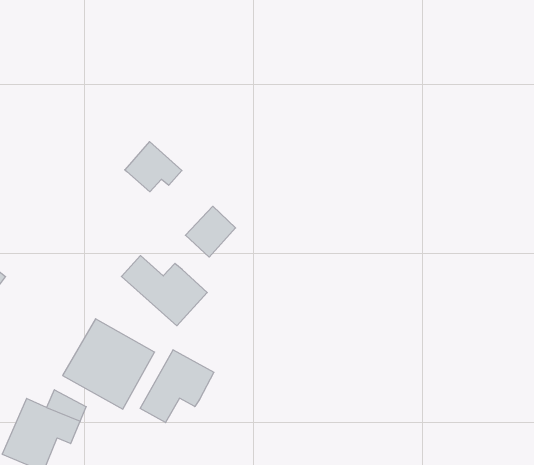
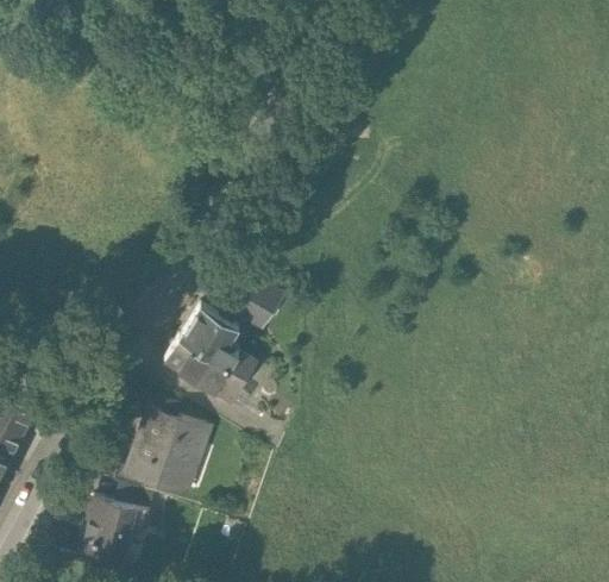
building: [125,142,182,192] -> [180,306,237,356]
building: [140,350,214,423] -> none

